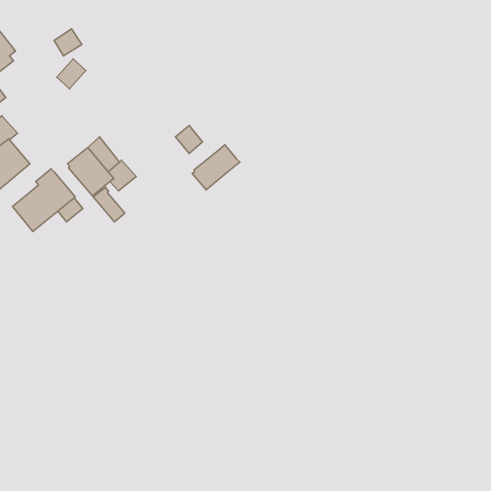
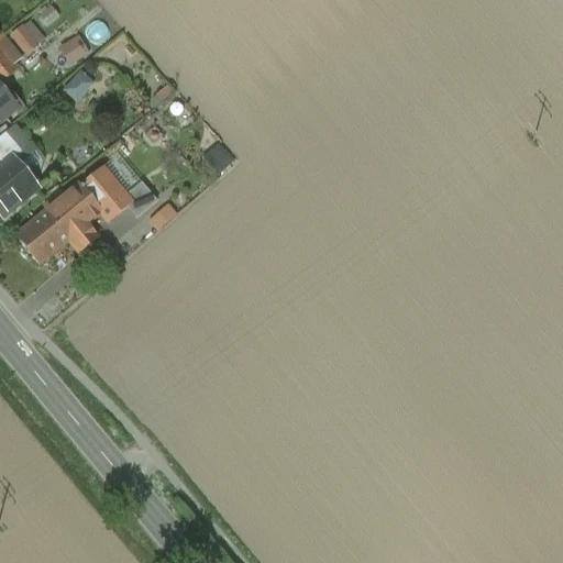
building: none -> [12,18,49,55]
building: [192,145,240,190] -> none
building: [93,187,125,222] -> [62,185,98,224]

